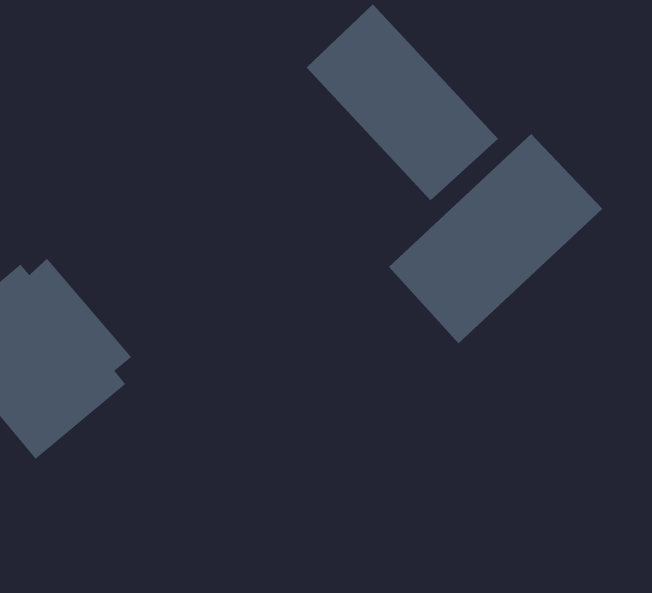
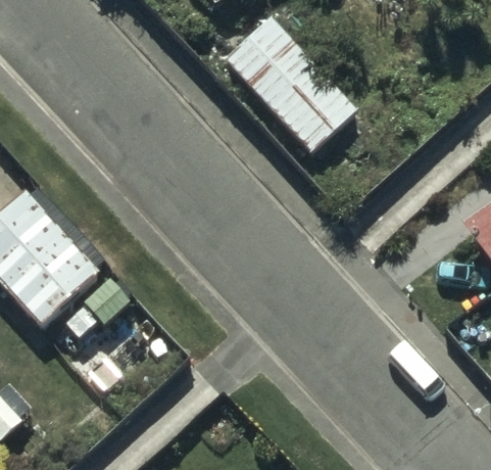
building: [388,133,603,344] -> none

